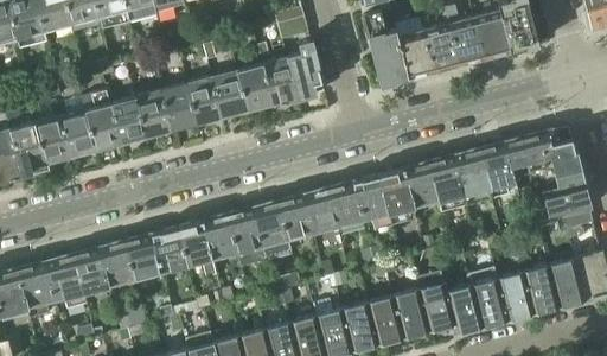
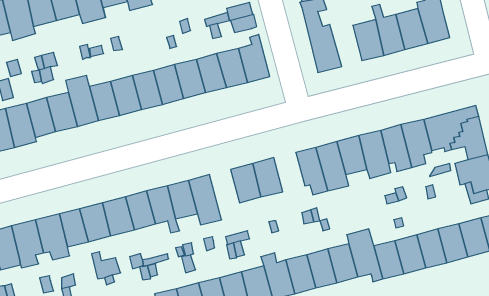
building: [395,19,434,80] -> none
building: [330,182,366,228] -> none
building: [254,202,293,261] -> none

